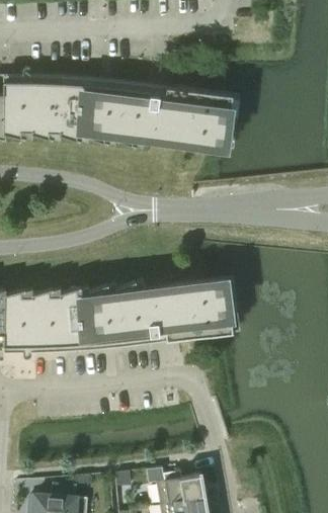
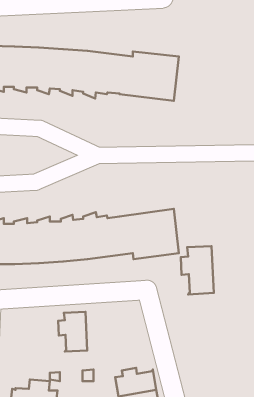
building: none -> [181,246,214,294]
building: none -> [58,312,87,352]

